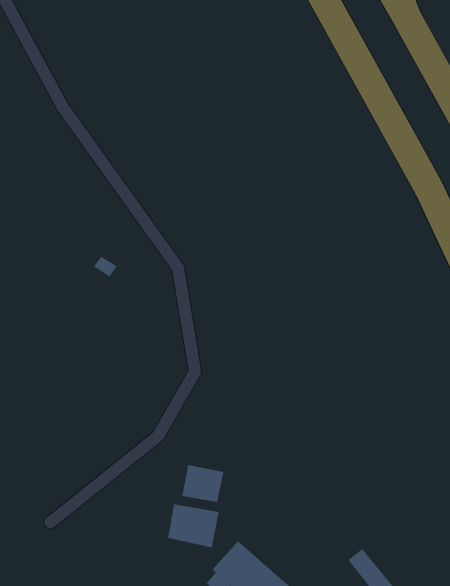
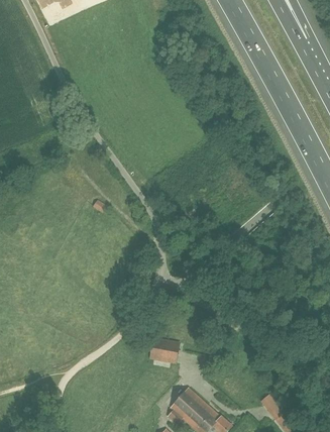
building: [167,504,219,548] -> none

